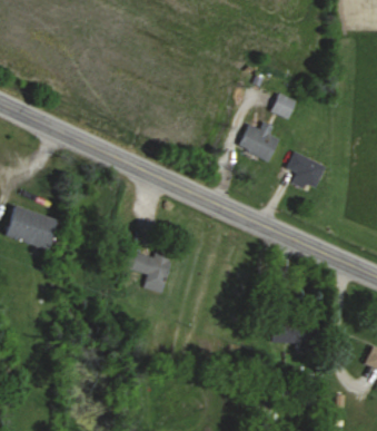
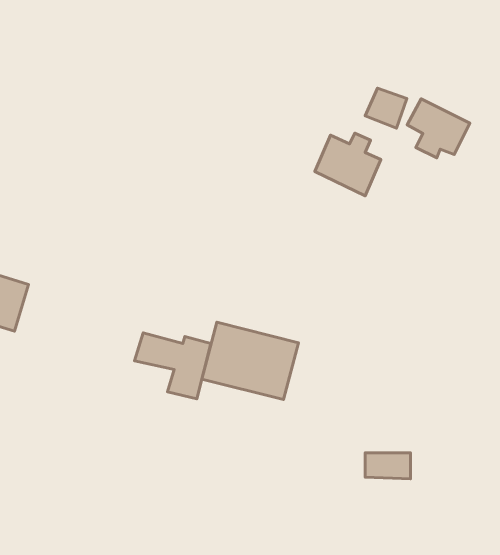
building: [286,151,326,189] -> [407,99,470,158]
building: none -> [202,322,298,400]

